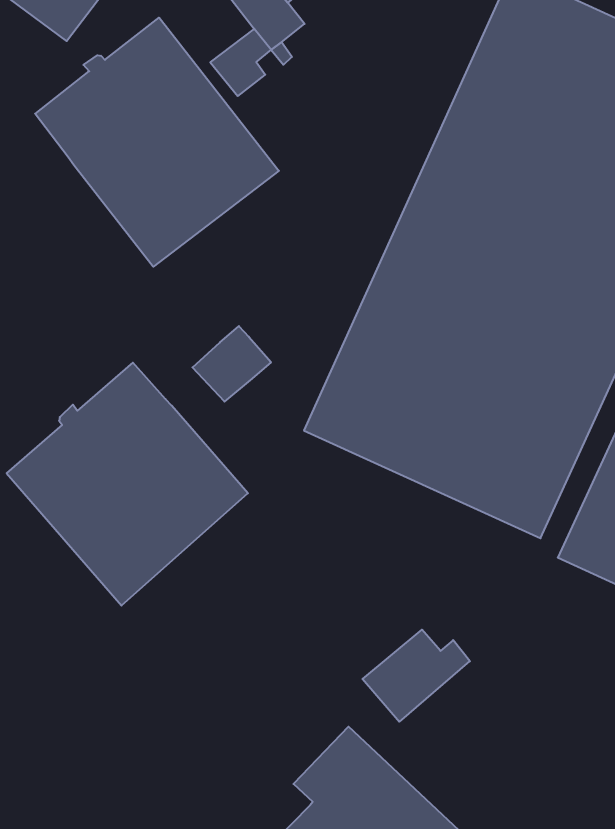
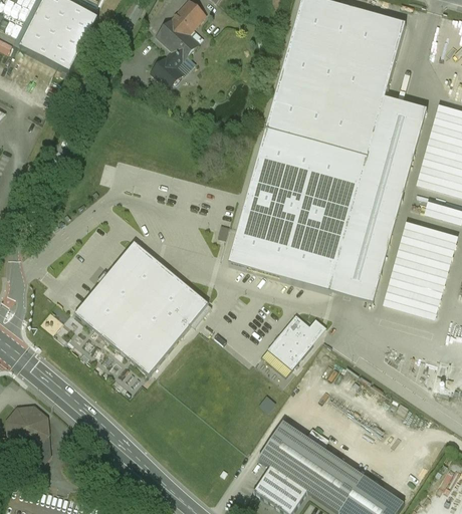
building: [35,18,279,267] -> none
building: [192,326,271,402] -> none
building: [362,630,470,722] -> [268,313,325,365]

